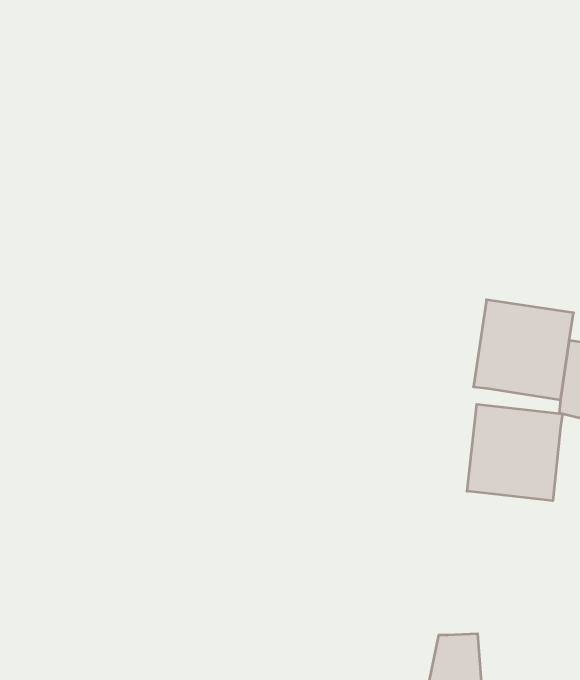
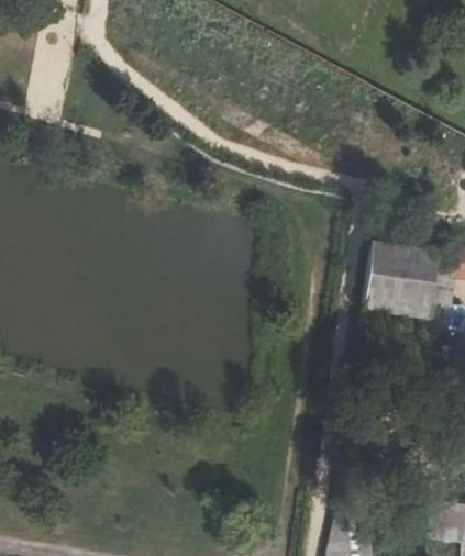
building: [467,404,562,501] -> none

